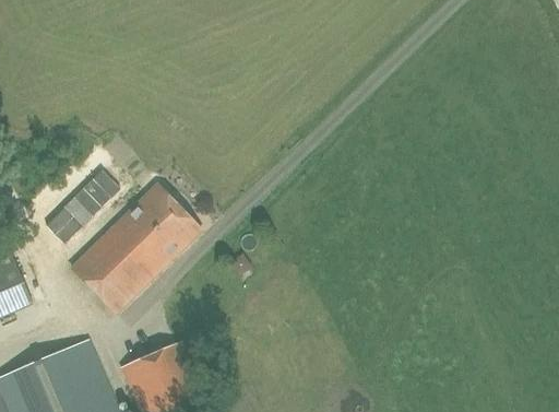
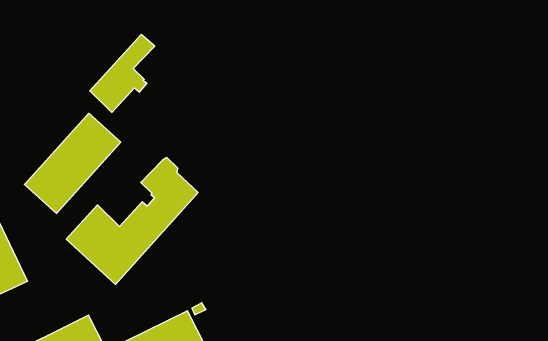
building: [104,185,168,257] -> [90,34,155,112]

